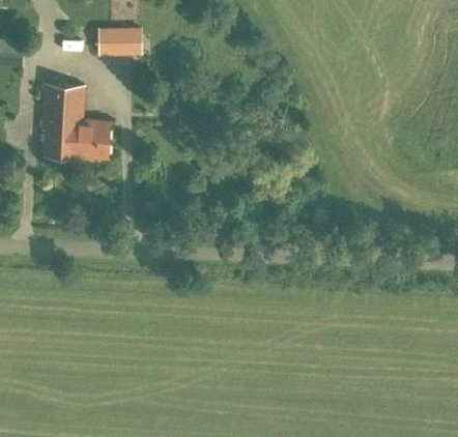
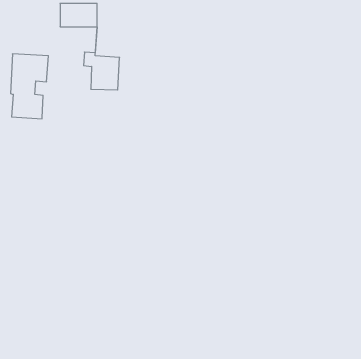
building: [69,87,111,159] -> [84,27,120,90]

